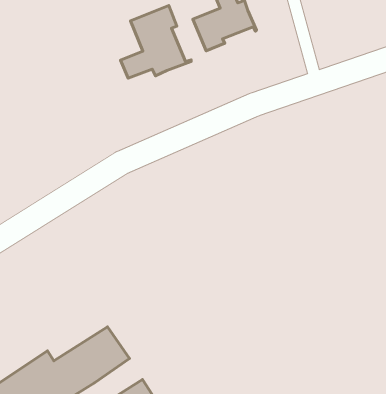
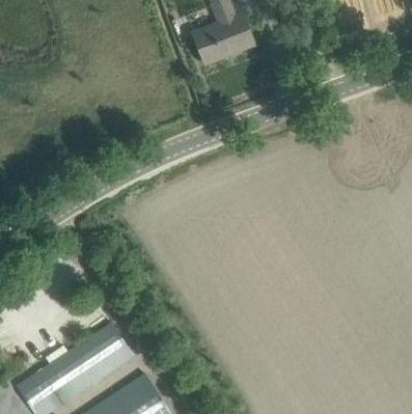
building: [121,6,191,78] -> none

